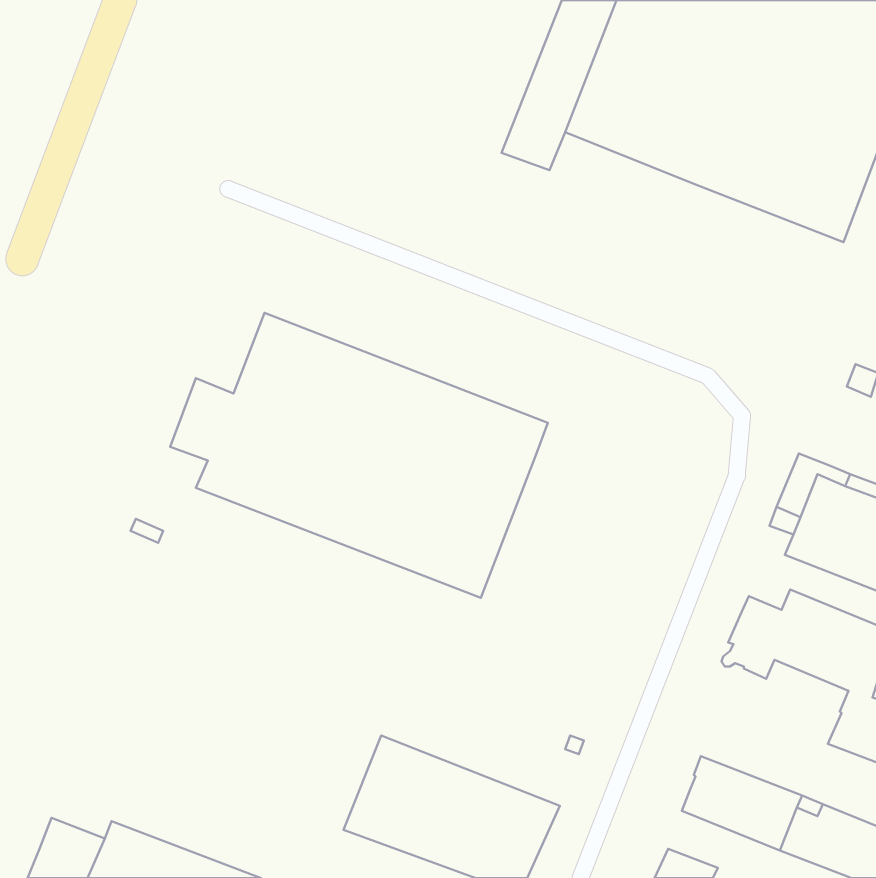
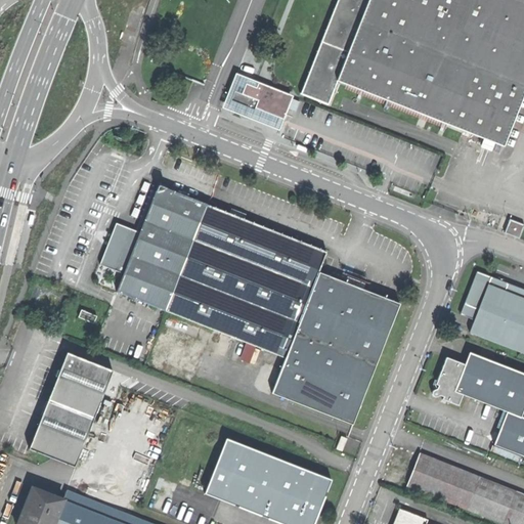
building: none -> [223,74,295,132]
building: none -> [273,271,401,424]
building: none -> [29,352,113,467]

